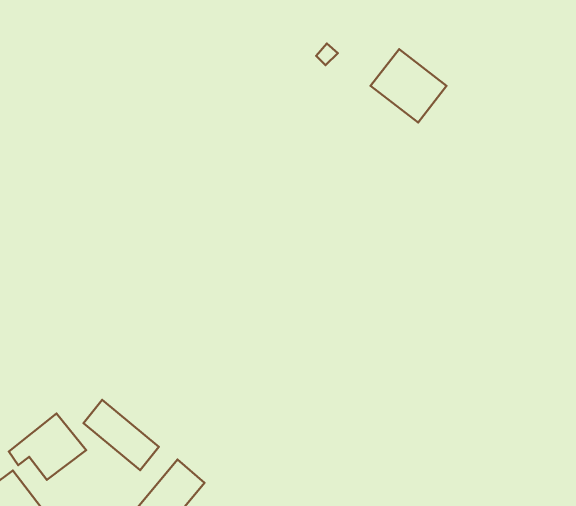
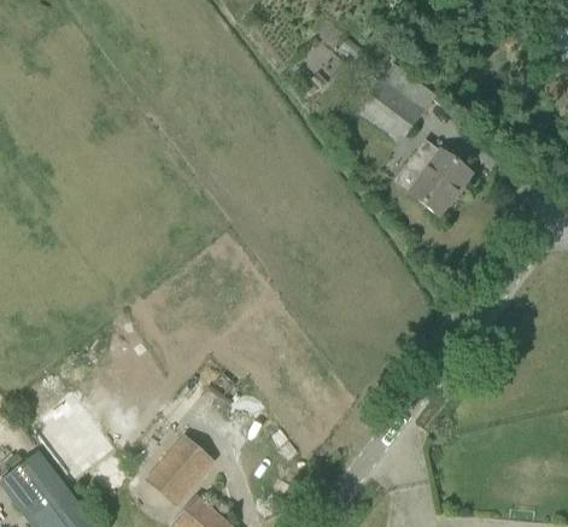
building: none -> [408,141,472,215]
building: [83,400,159,470] -> none

